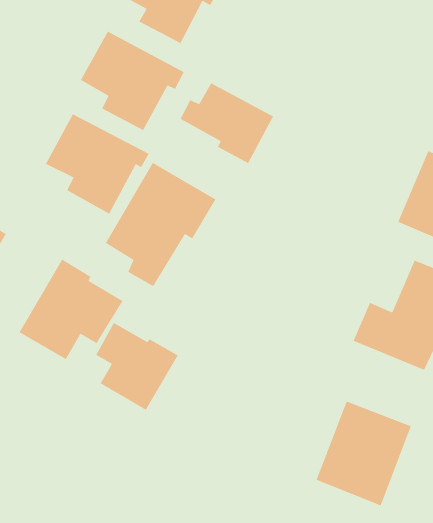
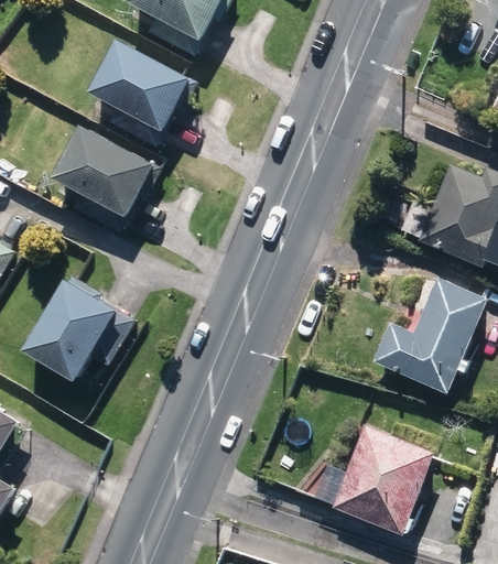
building: [179,82,274,164] -> none
building: [105,162,217,287] -> none
building: [95,322,179,411] -> none

